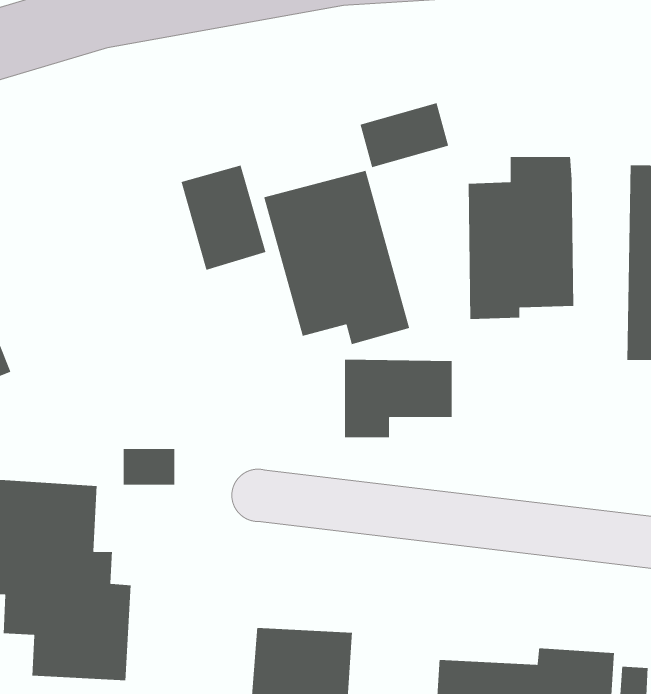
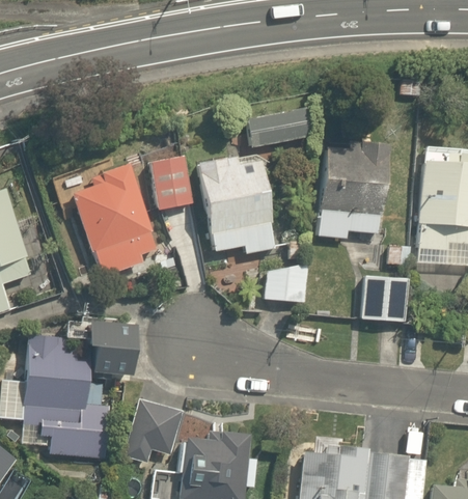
building: none -> [56,160,167,279]
building: none -> [354,275,414,324]
building: none -> [126,401,186,466]

